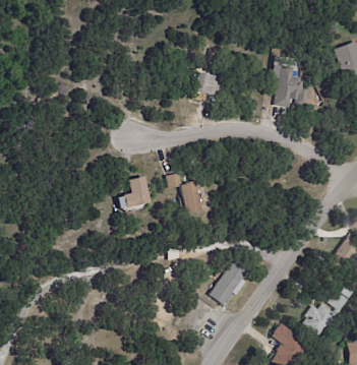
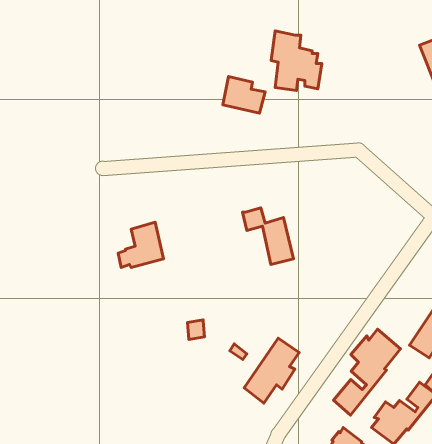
building: [272,64,308,107] -> [271,31,322,90]
building: [165,173,201,214] -> [243,208,293,264]
building: none -> [333,329,400,415]

